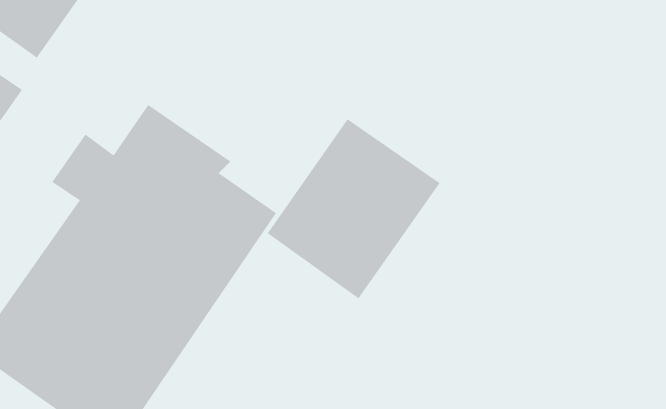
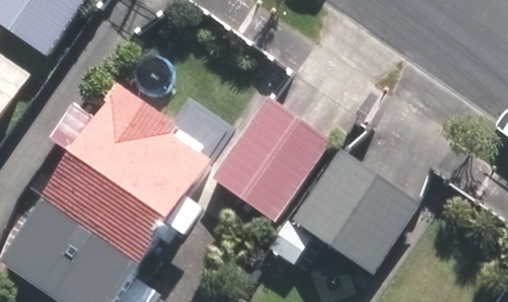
building: none -> [286,147,419,276]

